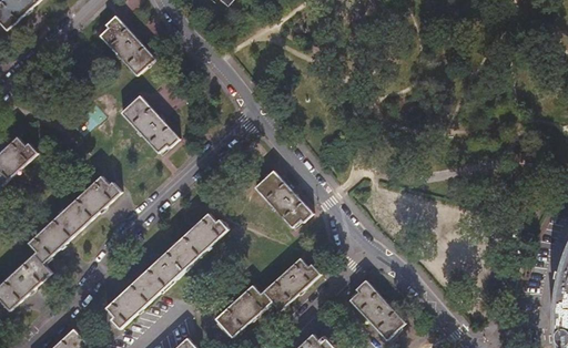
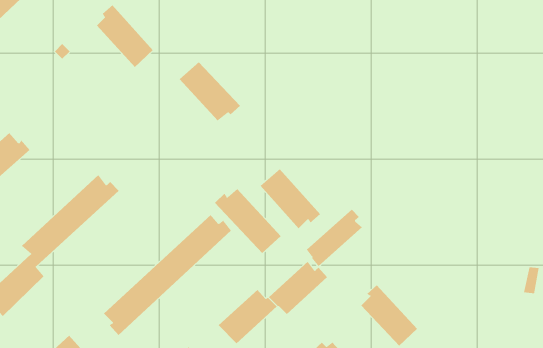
building: [121,95,180,152] -> [179,61,241,121]
building: none -> [214,188,281,254]
building: none -> [306,209,363,267]

